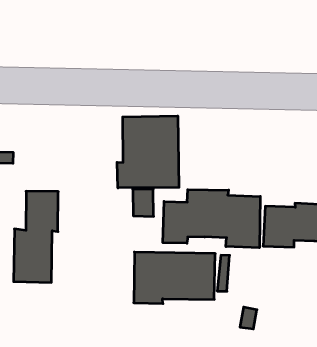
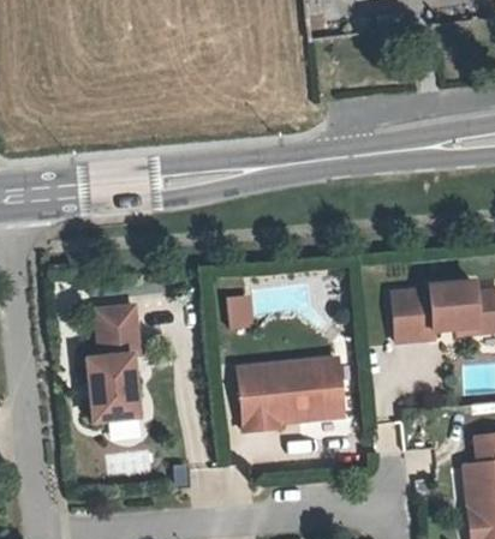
building: [117,116,179,188] -> none
building: [163,190,260,248] -> none

